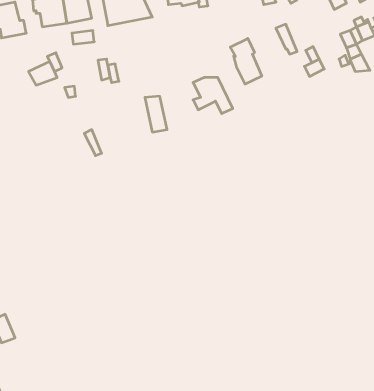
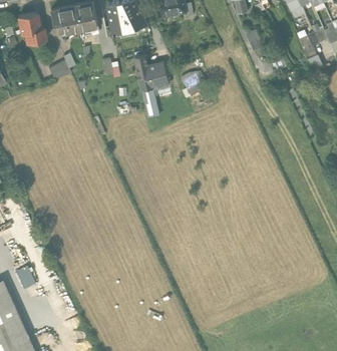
building: [230,38,262,84] -> none
building: none -> [134,56,168,90]

